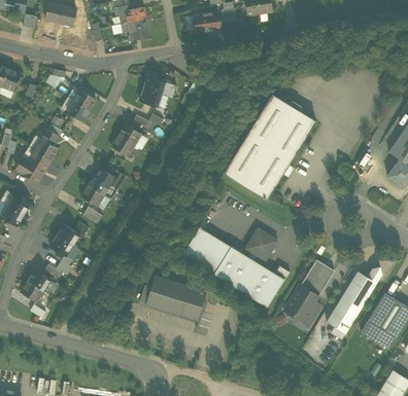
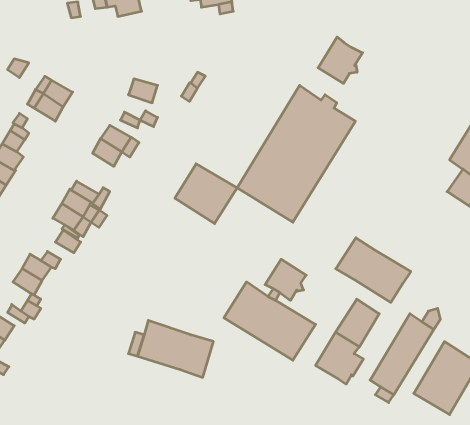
building: none -> [318,37,363,83]
building: [143,71,176,99] -> none
building: none -> [336,238,411,302]
building: [182,227,231,274] -> [175,164,237,224]

